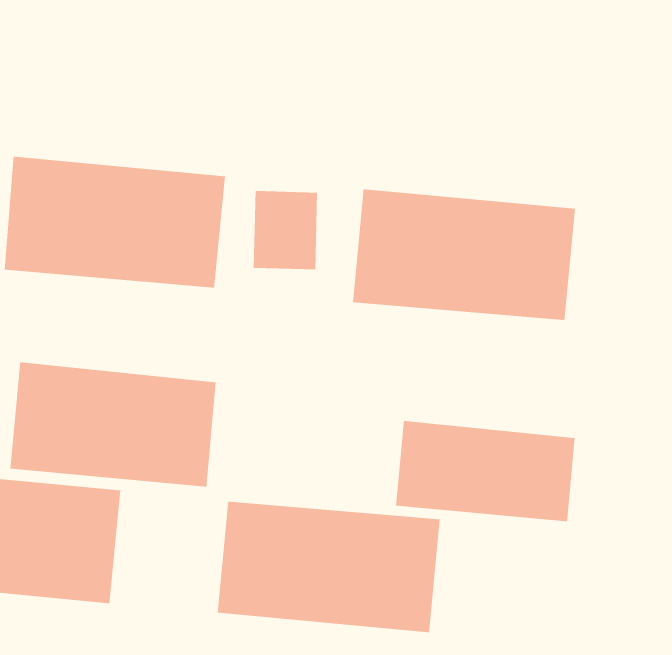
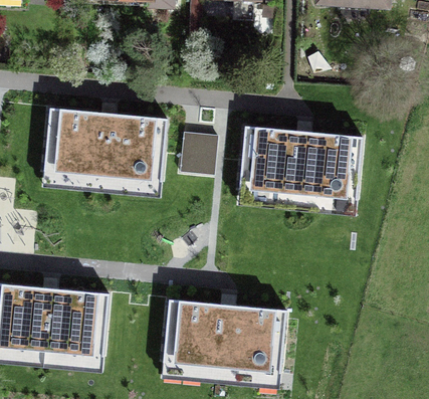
building: [10,362,216,488] -> none
building: [396,420,575,522] -> none

